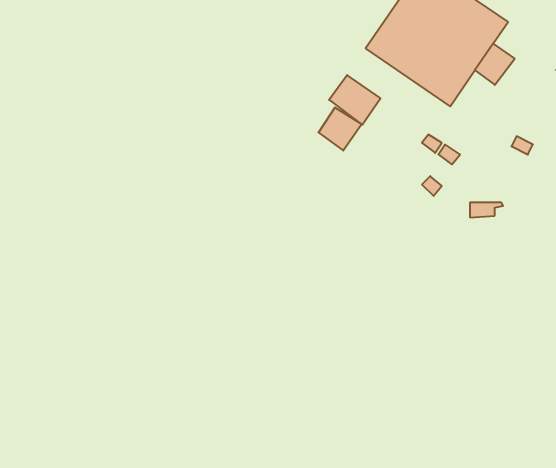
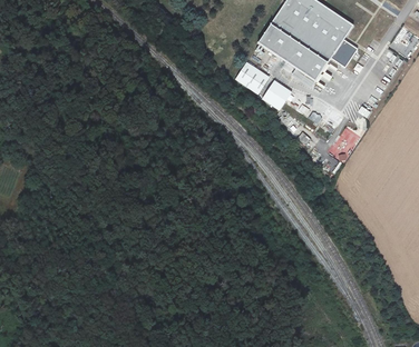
building: [318,108,362,151] -> [263,80,292,109]

